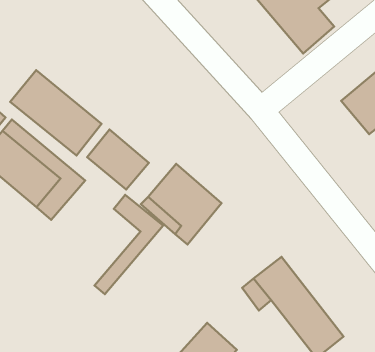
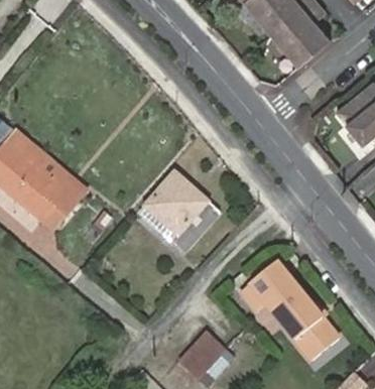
building: [10,70,102,155] -> none
building: [87,130,149,189] -> none
building: [94,195,163,294] -> none

